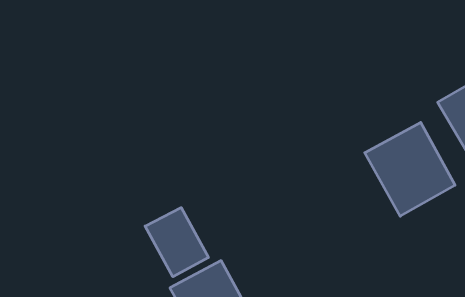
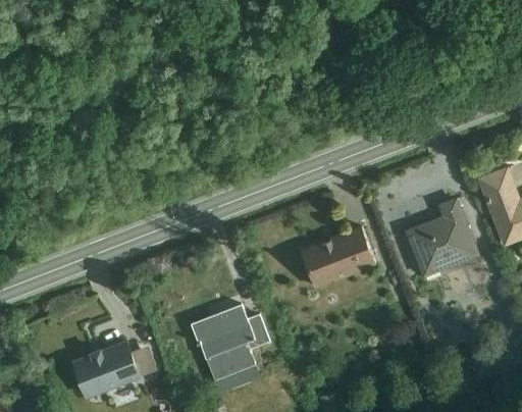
building: none -> [301,226,381,292]
building: [145,208,208,277] -> none

